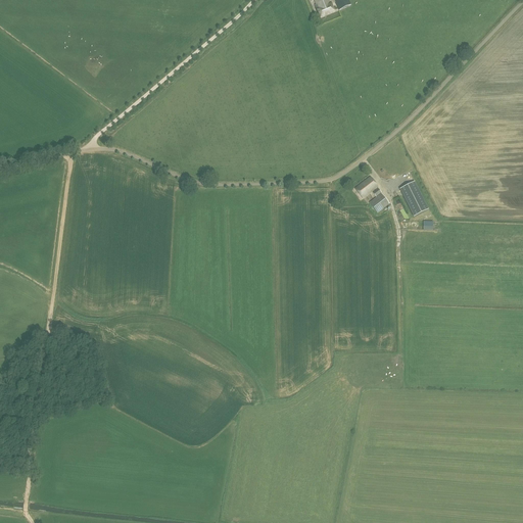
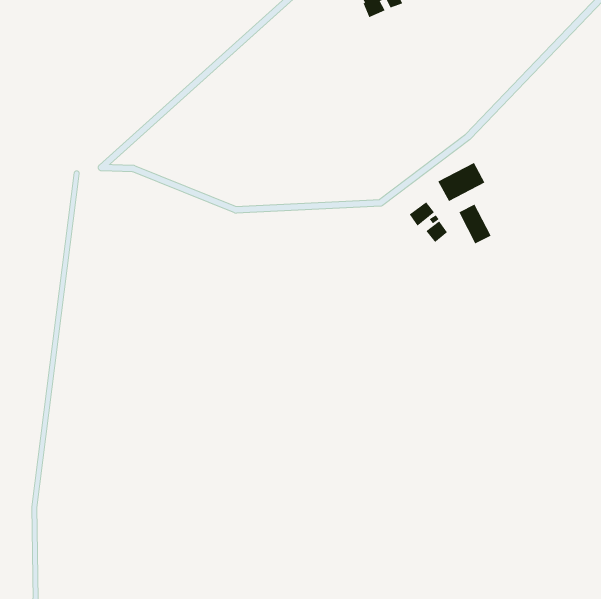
building: none -> [438,162,485,202]

